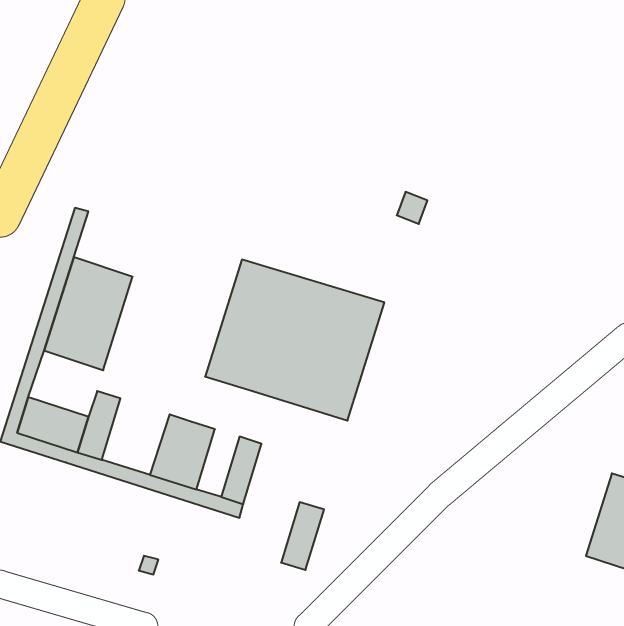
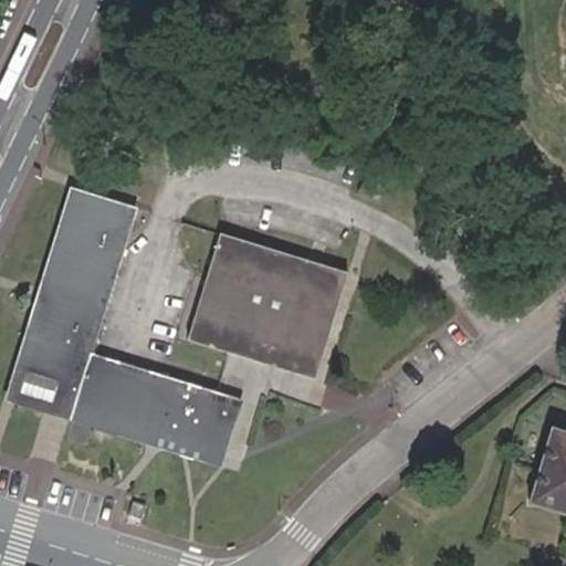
building: none -> [70,190,136,249]
building: none -> [29,315,96,375]
building: none -> [95,358,156,427]
building: [281,502,324,570] -> [180,386,219,447]

